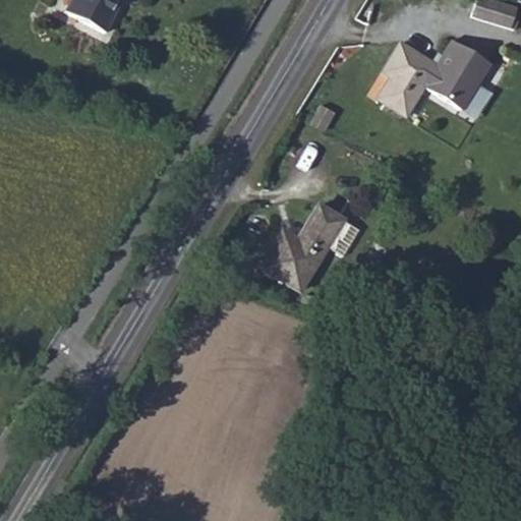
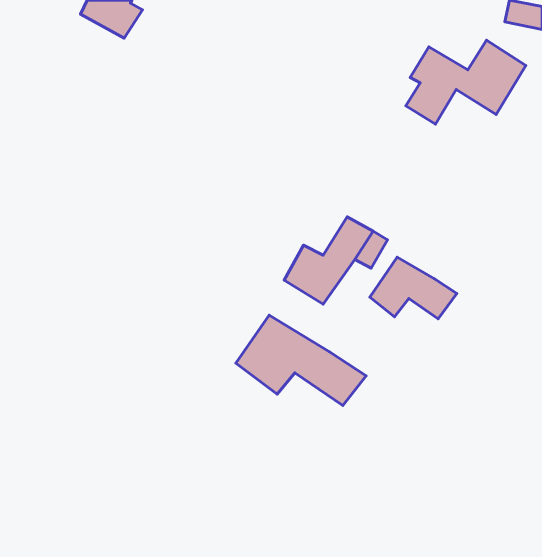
building: none -> [370,257,457,319]
building: none -> [236,315,366,405]

